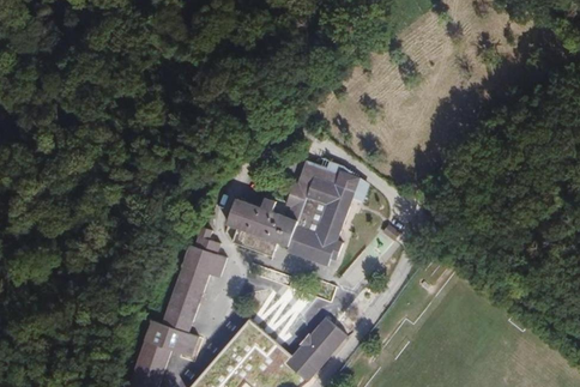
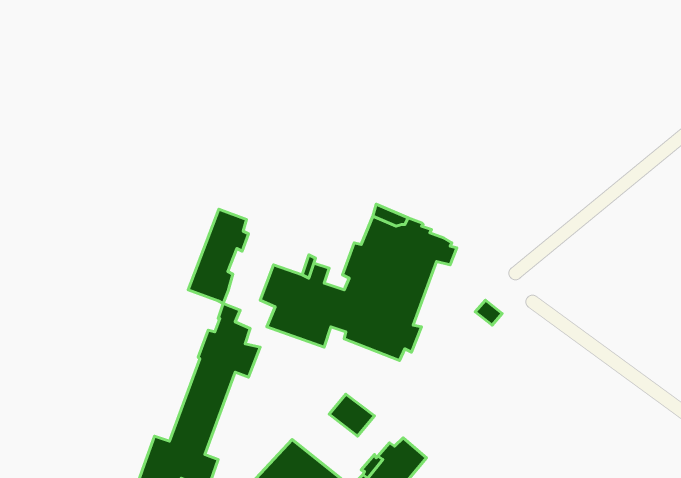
building: none -> [188,209,248,303]

